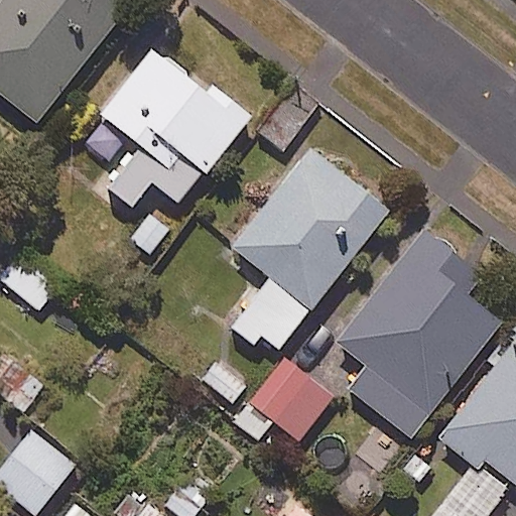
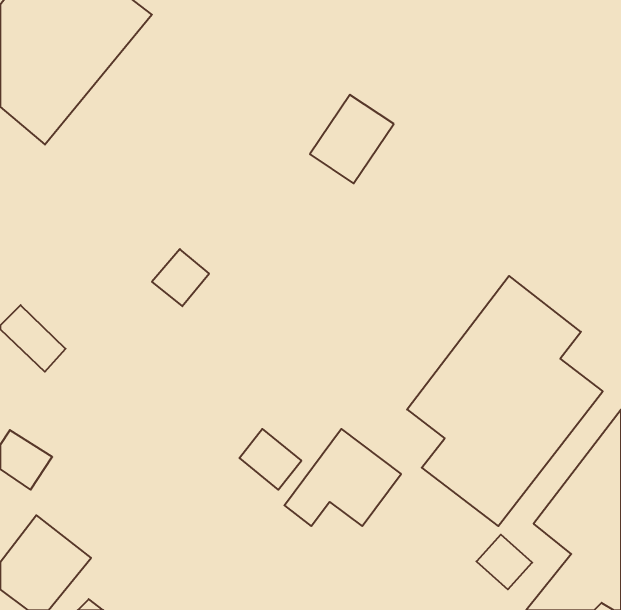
building: [100,52,251,211] -> none
building: [231,149,389,359] -> none

